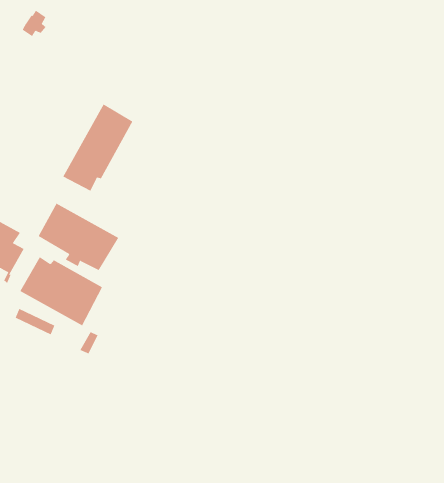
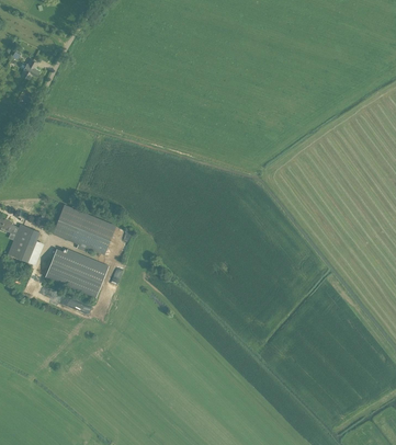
building: [63,103,133,191] -> none

